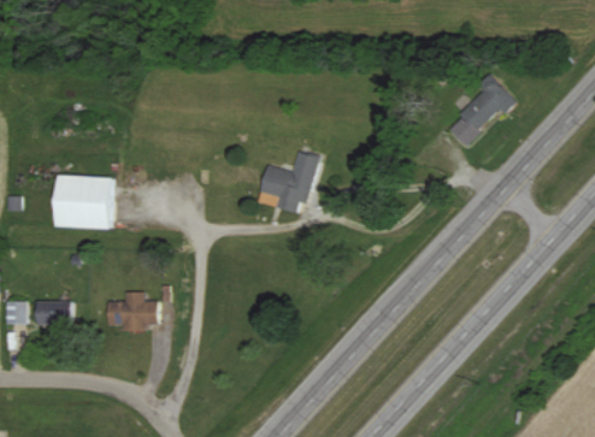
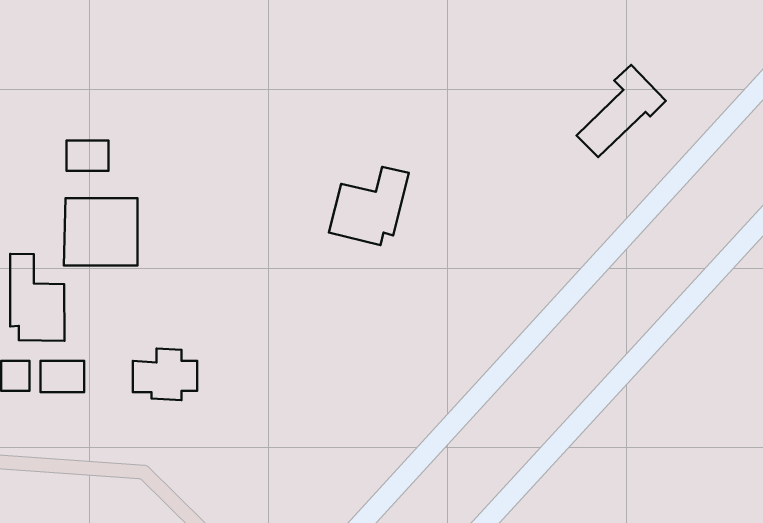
building: none -> [66,140,109,171]
building: none -> [10,254,65,341]

